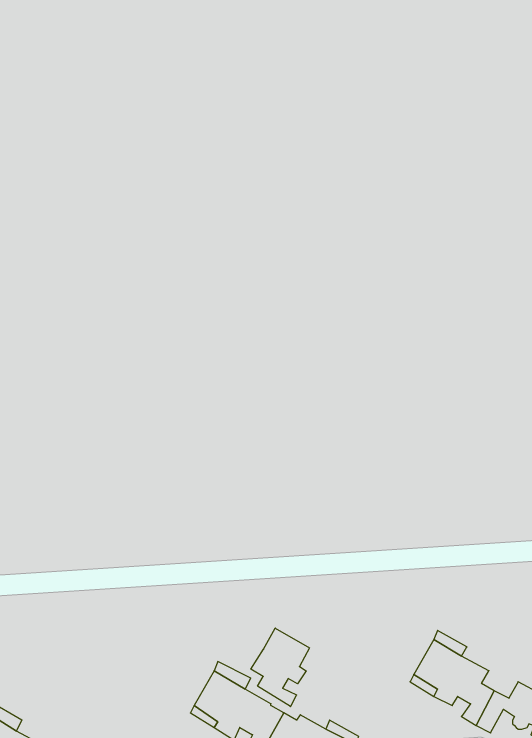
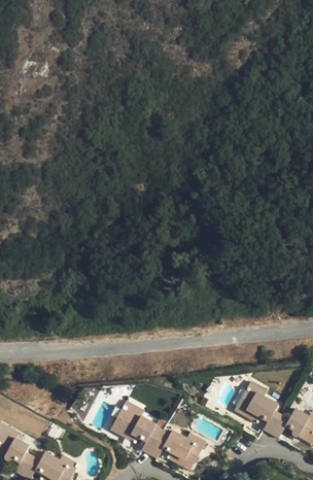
building: [251,628,309,707] -> none

